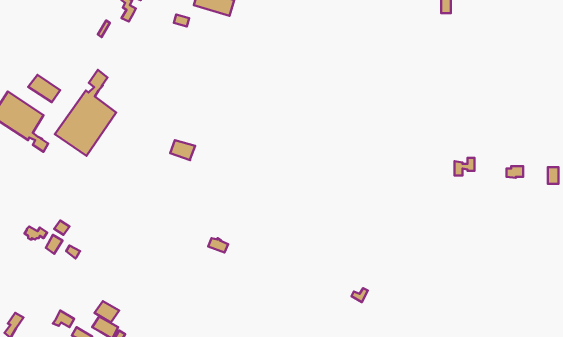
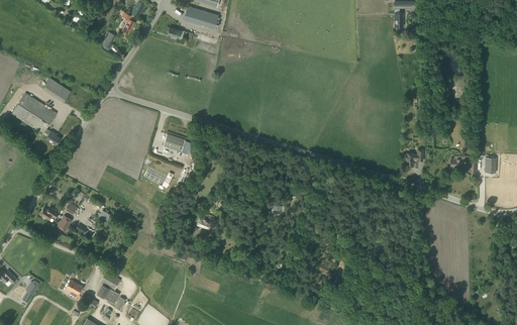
building: [55,70,116,156] -> none

